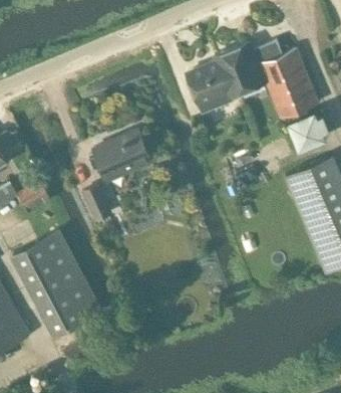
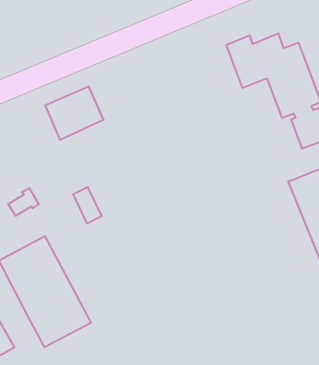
building: [186,51,244,113] -> none
building: [95,131,150,181] -> [45,86,104,140]

